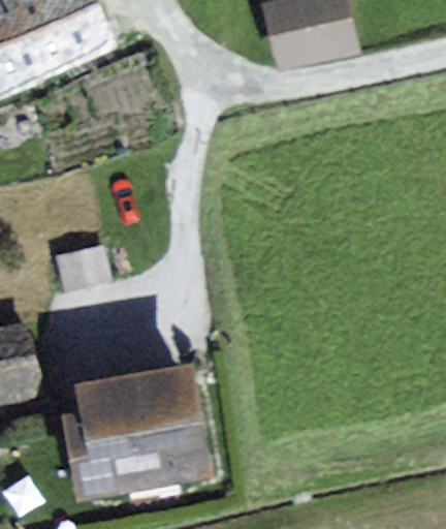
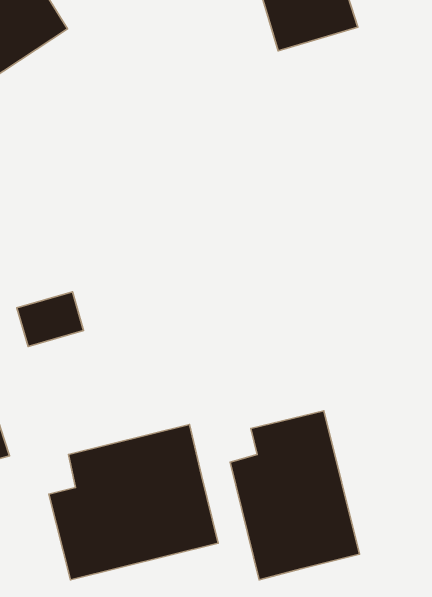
building: none -> [230,411,359,580]

